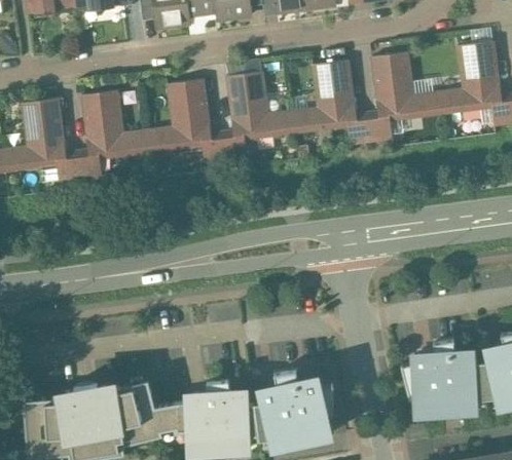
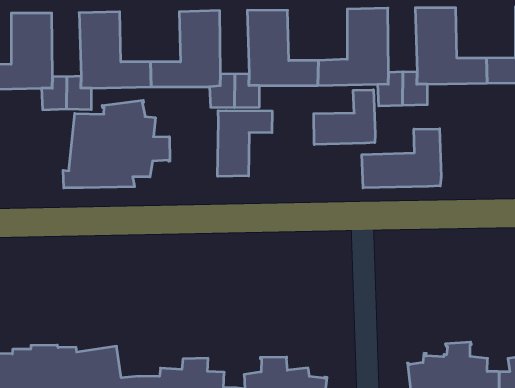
building: none -> [314,90,375,145]
building: none -> [362,129,441,188]
building: none -> [218,111,272,176]
building: none -> [63,100,170,188]

